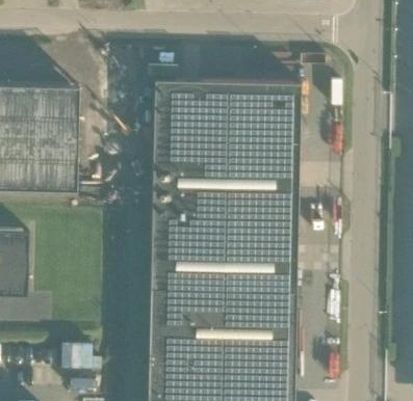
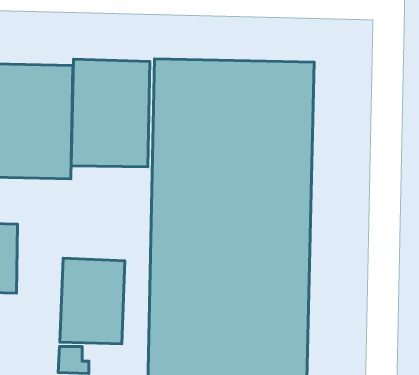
building: none -> [71,59,150,167]
building: none -> [60,258,125,344]

